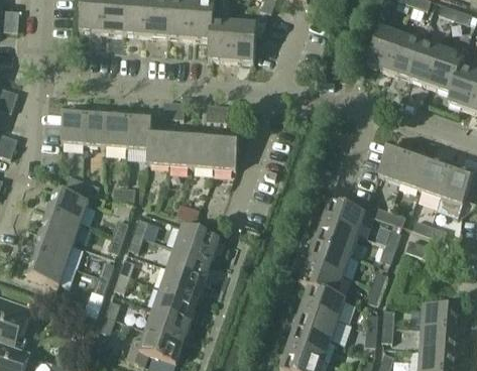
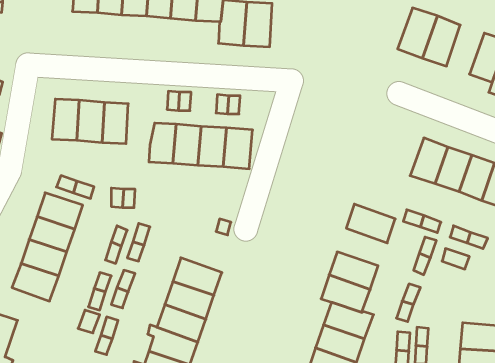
building: [410,42,444,86] -> none
building: [127,112,153,148] -> none
building: [314,222,358,255] -> none
building: [175,227,220,261] -> none

